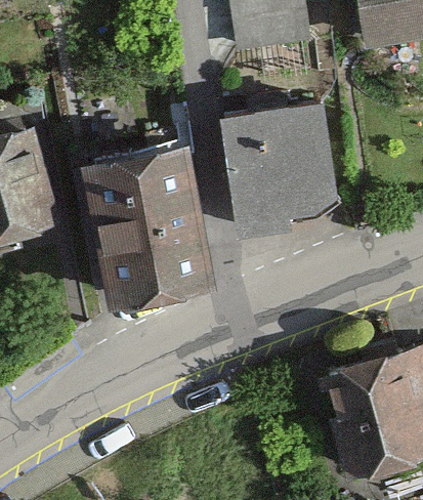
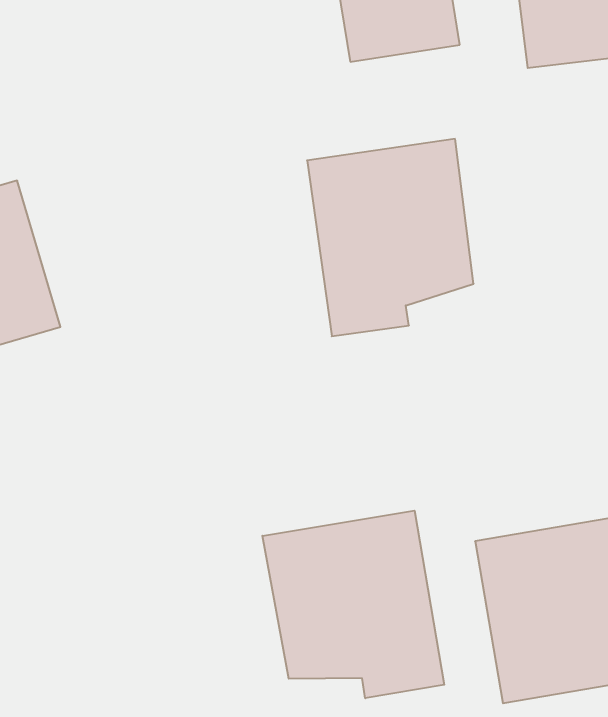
building: [82,142,207,299] -> none
building: none -> [262,511,444,698]

